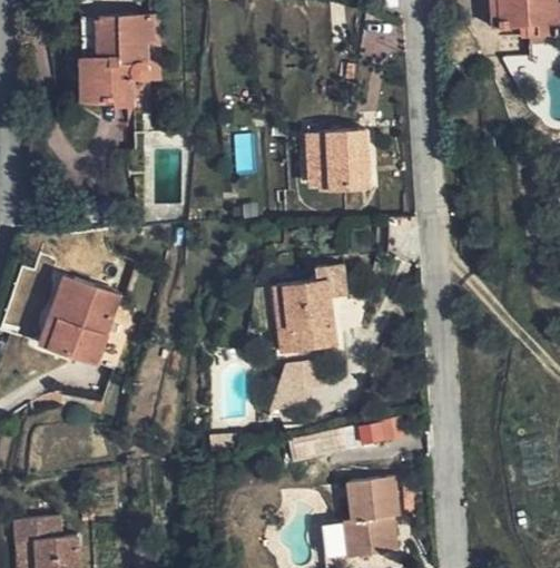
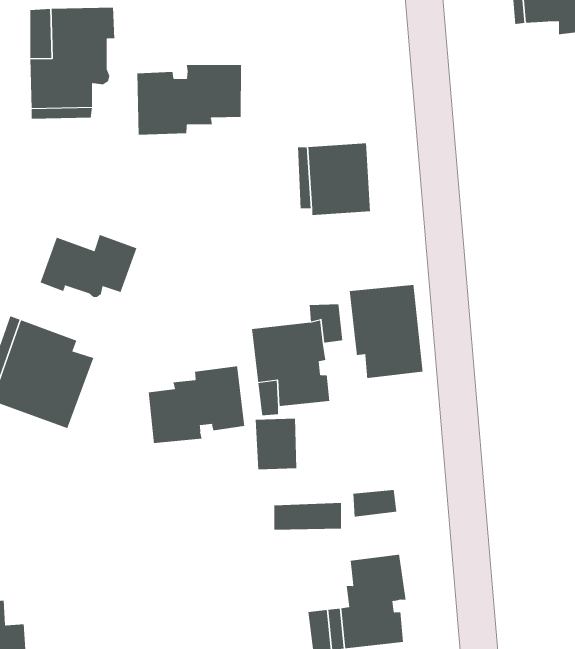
building: none -> [137,64,241,135]
building: none -> [40,234,137,298]
building: none -> [349,284,423,379]
building: none -> [148,365,245,444]

